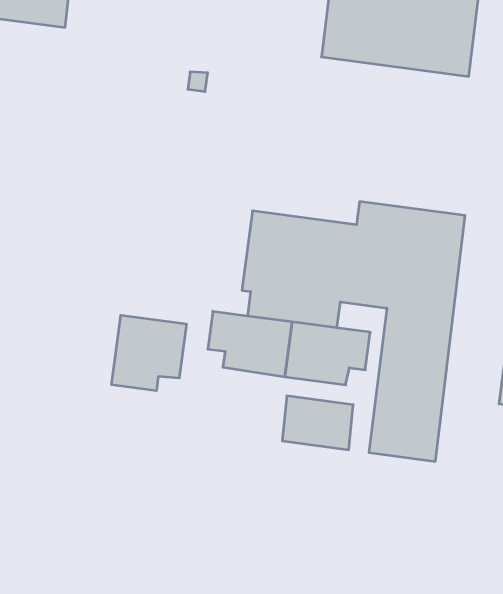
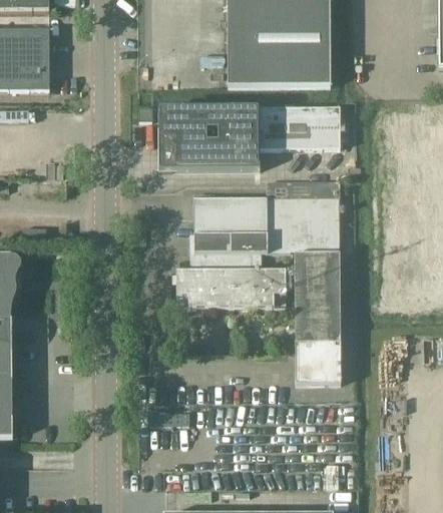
building: none -> [158,107,340,168]
building: [112,315,186,391] -> none
building: [282,396,353,450] -> [296,352,343,383]

